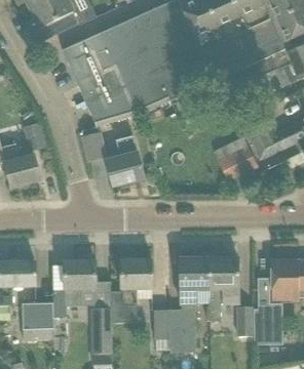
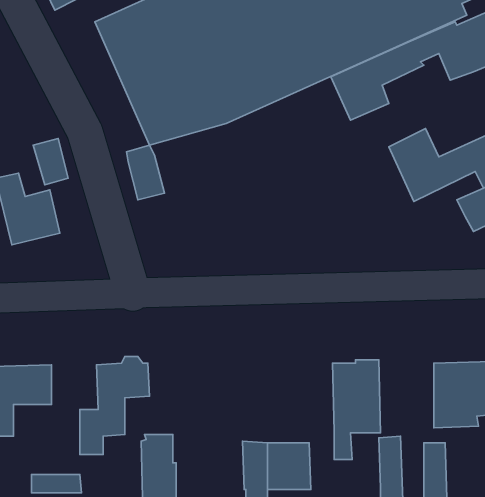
building: [105,134,144,186] -> none
building: [218,146,257,179] -> none
building: [179,258,210,309] -> none
building: [110,259,152,321] -> none
building: [23,303,52,328] -> none

